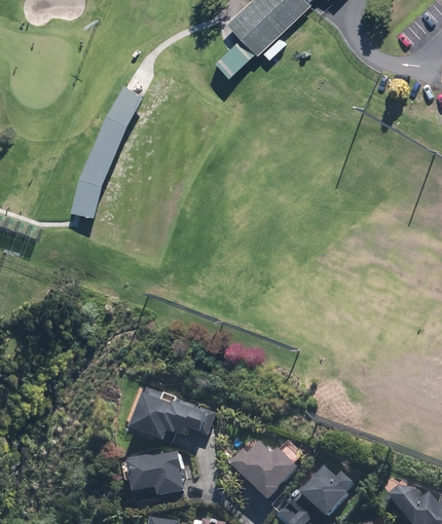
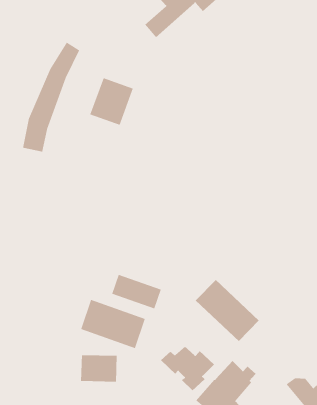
building: none -> [89,77,134,126]
building: none -> [111,274,162,310]
building: none -> [195,279,260,342]

